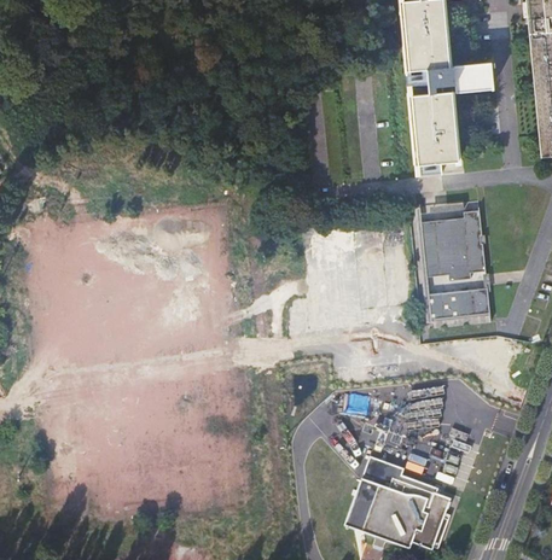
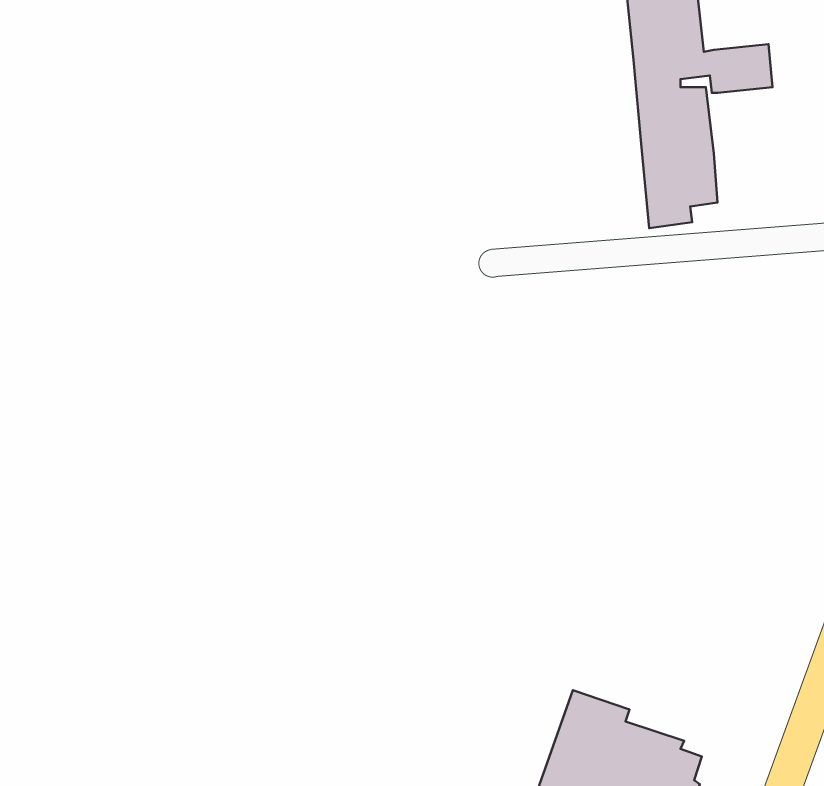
building: [419,209,486,280] -> none
building: [426,287,490,319] -> none

